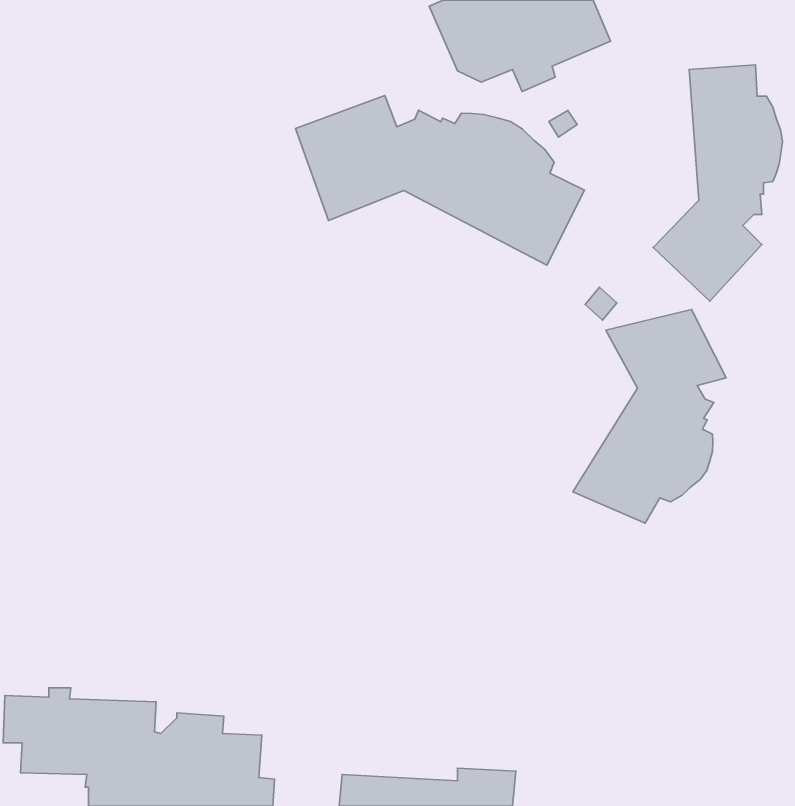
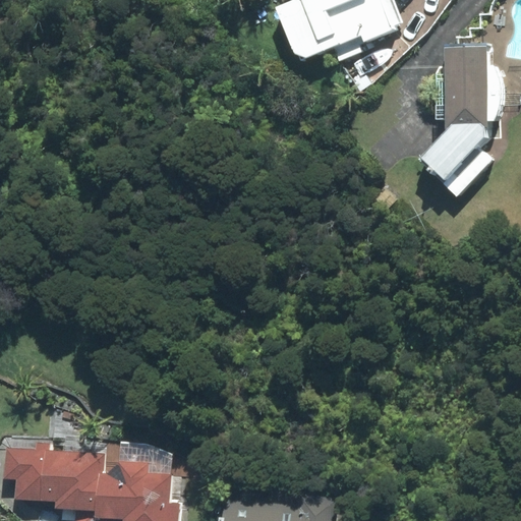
building: [296,95,584,265] -> none
building: [573,310,726,523] -> none

